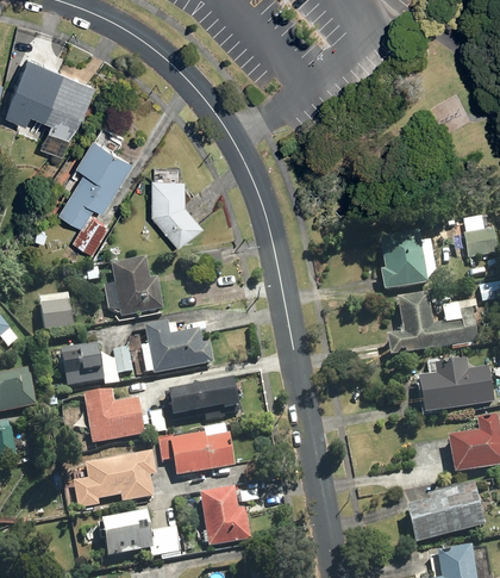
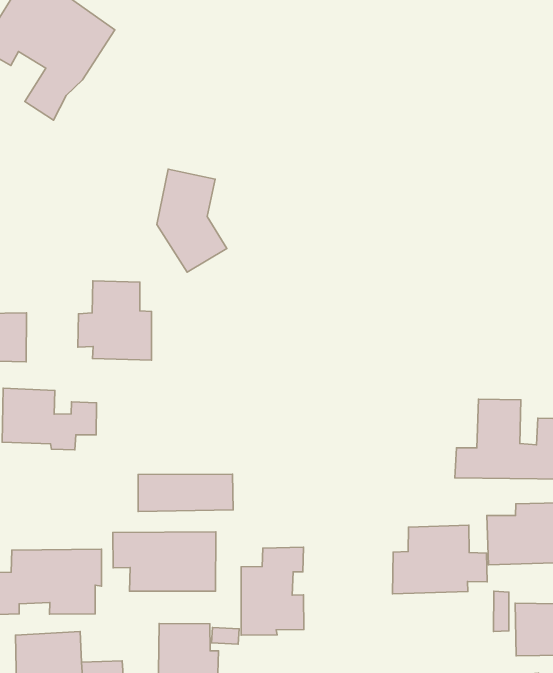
building: [57,132,133,250] -> none
building: [376,226,437,290] -> none
building: [142,321,212,373] -> none
building: none -> [393,525,487,594]
building: [82,389,145,445] -> none
building: none -> [241,547,304,635]

